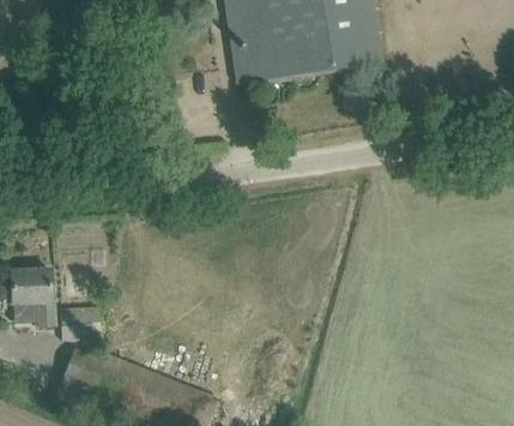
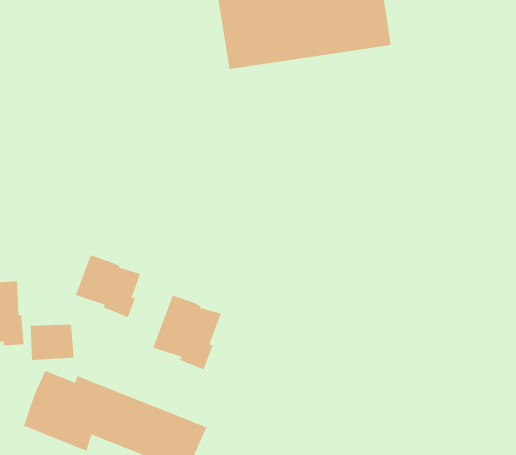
building: none -> [75,254,141,318]
building: none -> [153,295,222,370]

